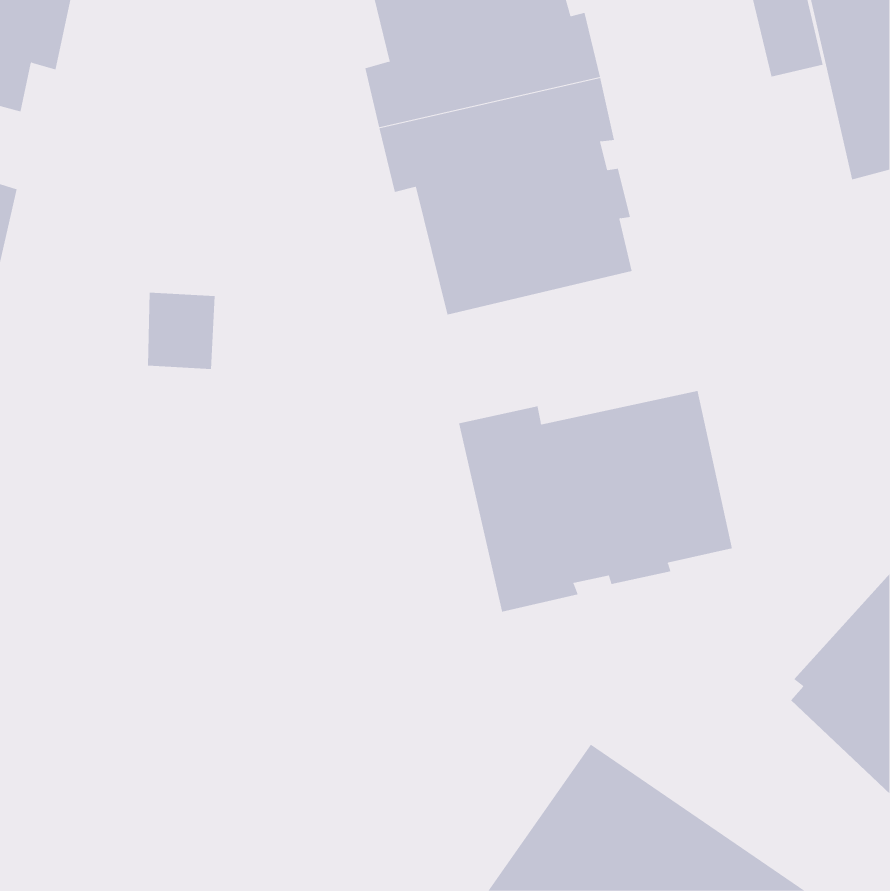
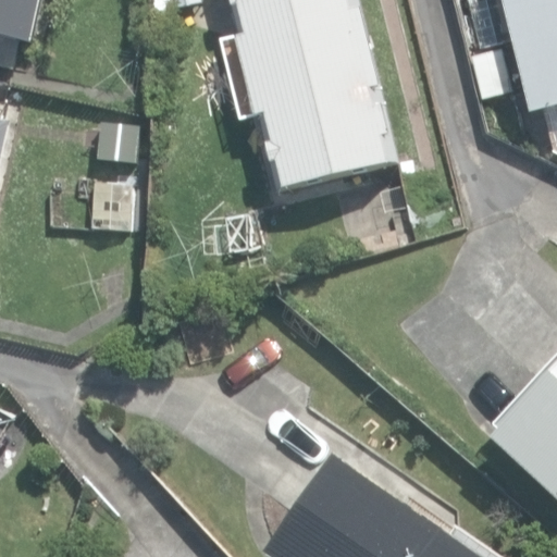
building: [459,390,732,612] -> none

